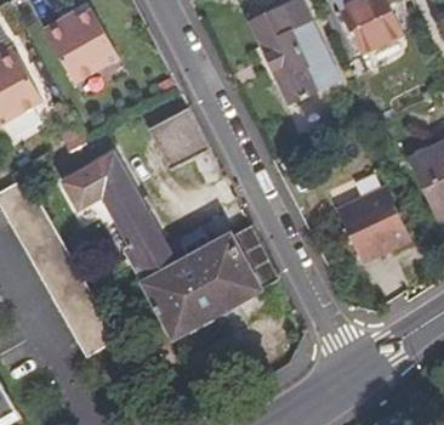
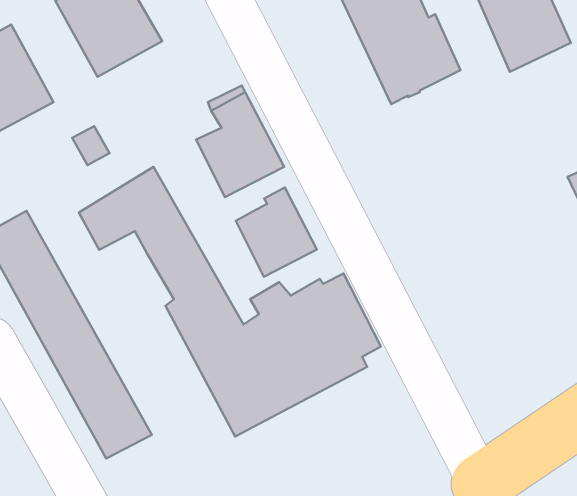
building: none -> [236,187,317,277]
building: [341,186,411,257] -> none

